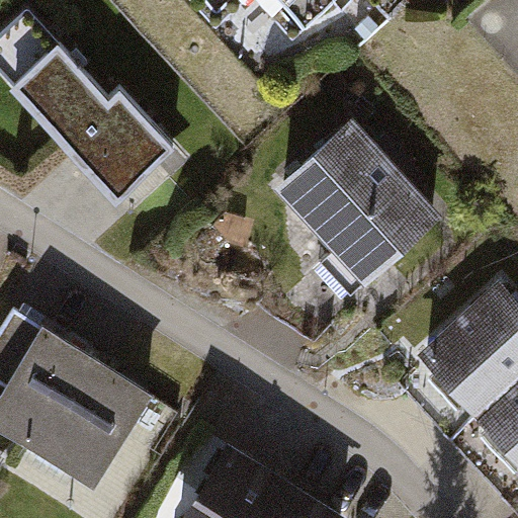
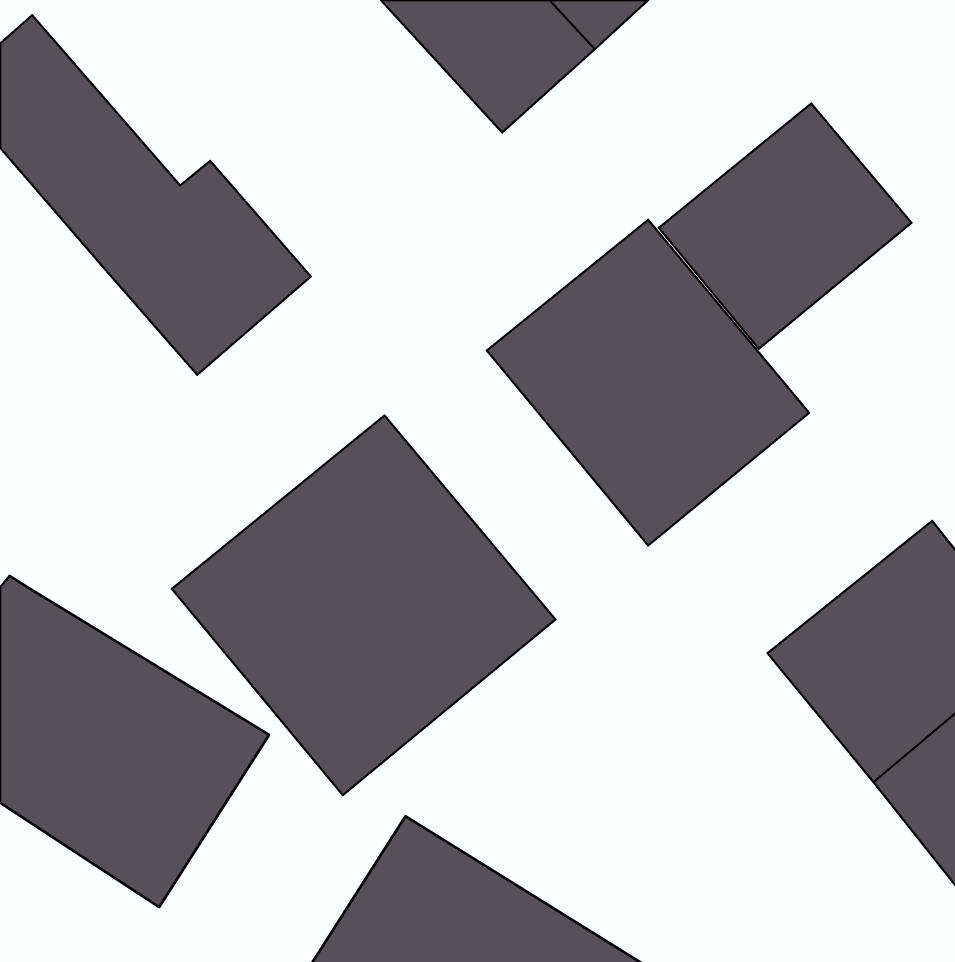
building: none -> [659,104,911,349]
building: none -> [172,415,556,795]

